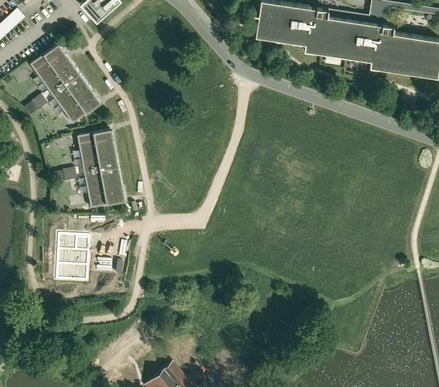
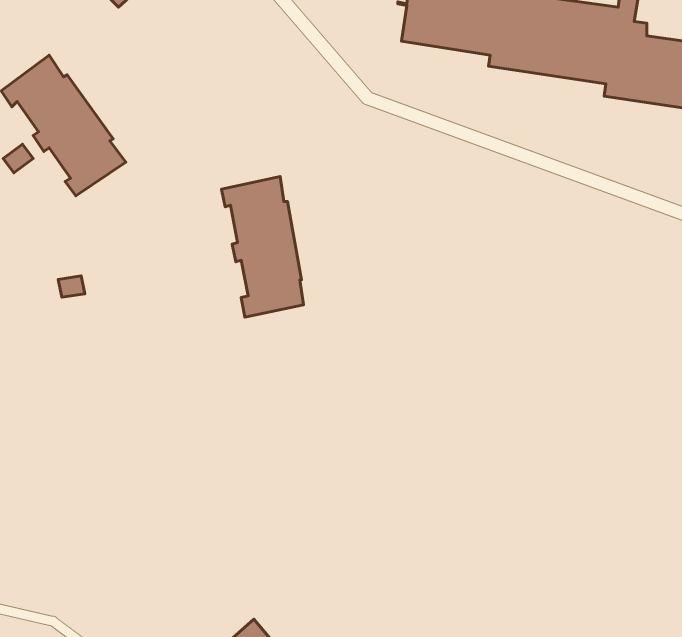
building: [77,130,123,209] -> [222,177,303,317]
building: [56,235,89,282] -> none

